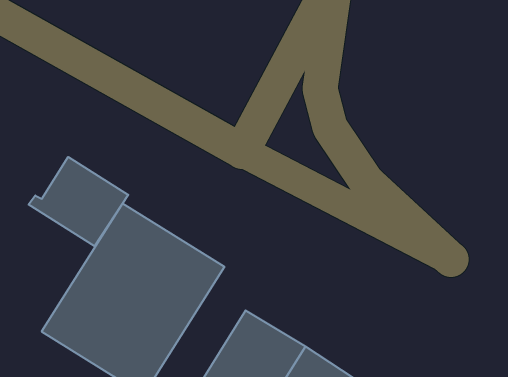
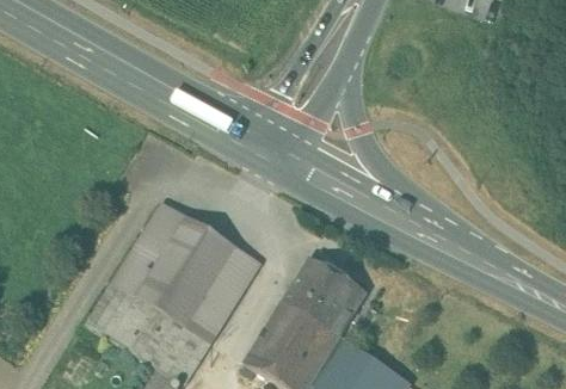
building: [29,157,128,246] -> none
building: none -> [282,257,367,338]

